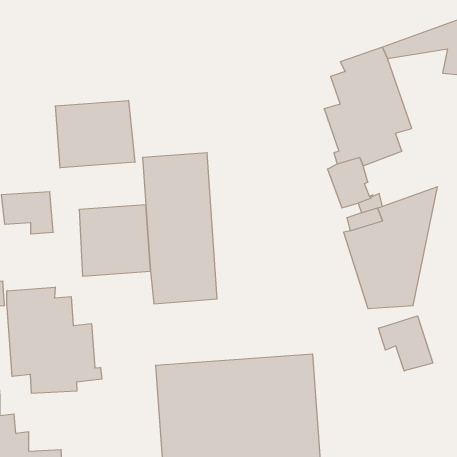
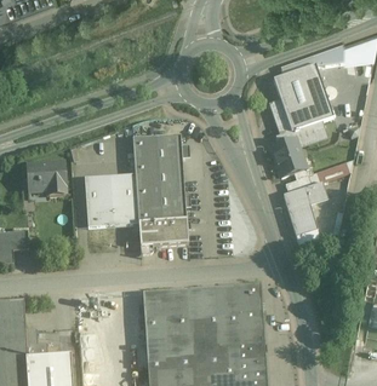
building: [56,100,135,168] -> none
building: [7,287,102,393] -> none
building: [378,316,433,371] -> none

